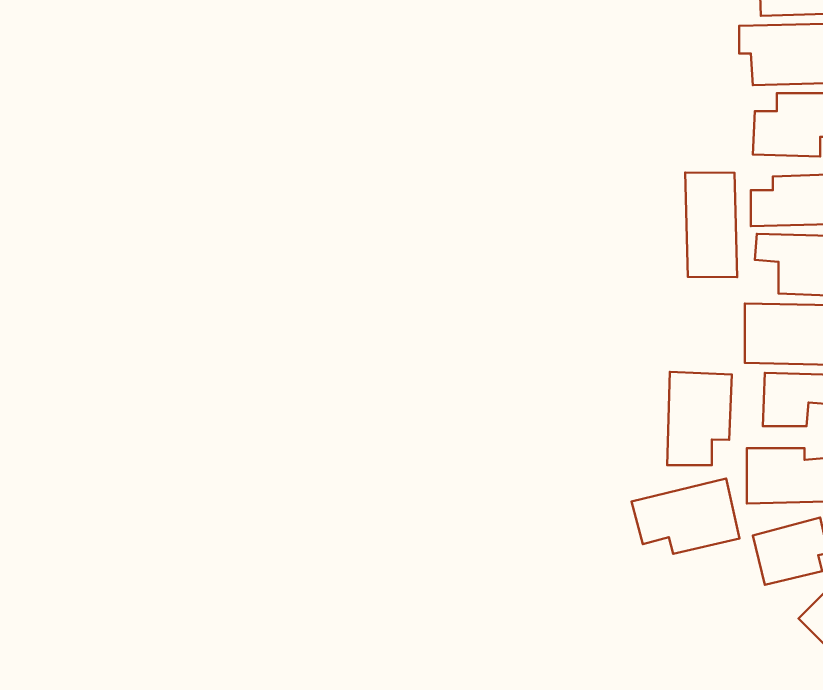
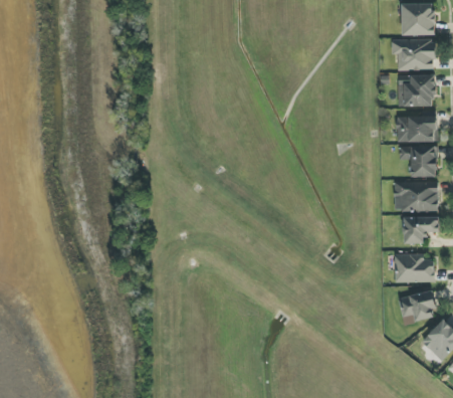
building: [685,172,737,277] -> none
building: [667,372,732,465] -> none
building: [631,478,740,554] -> none

